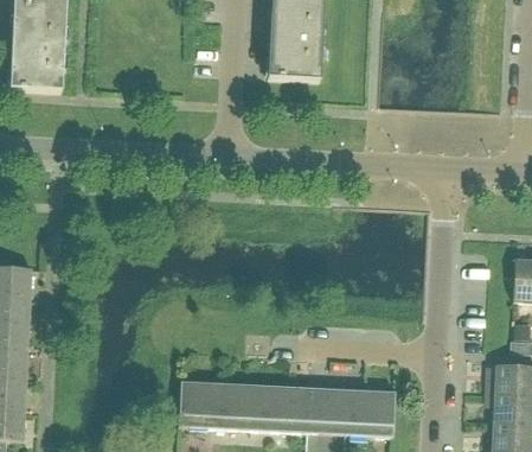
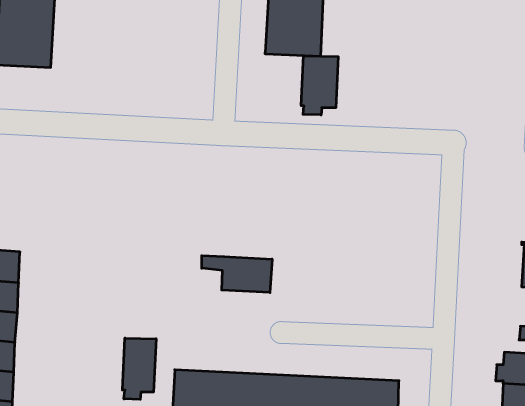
building: none -> [301,56,338,115]
building: none -> [202,256,272,293]
building: none -> [122,338,156,399]

